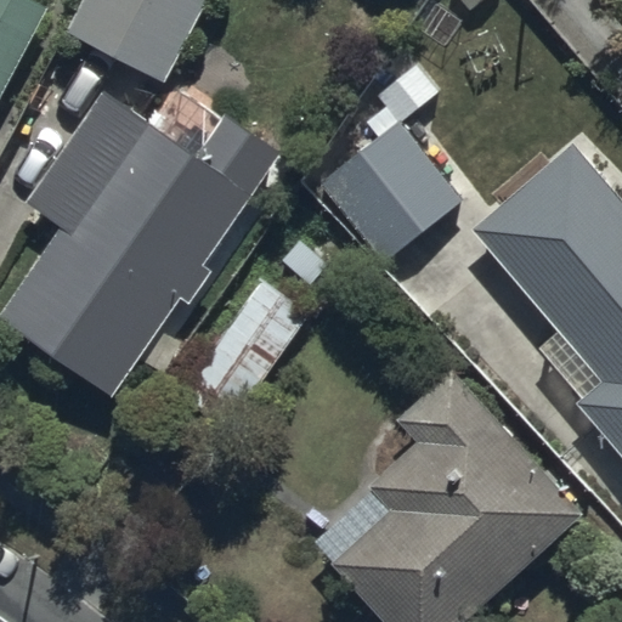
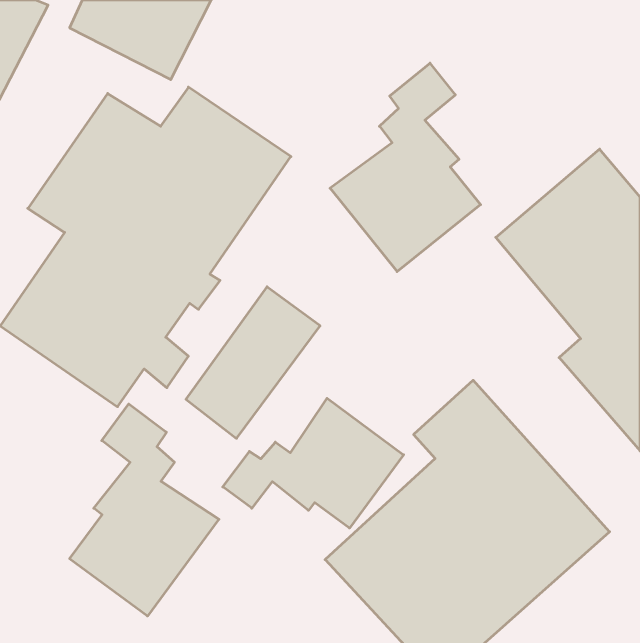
building: none -> [223,398,404,528]
building: none -> [70,404,219,616]

